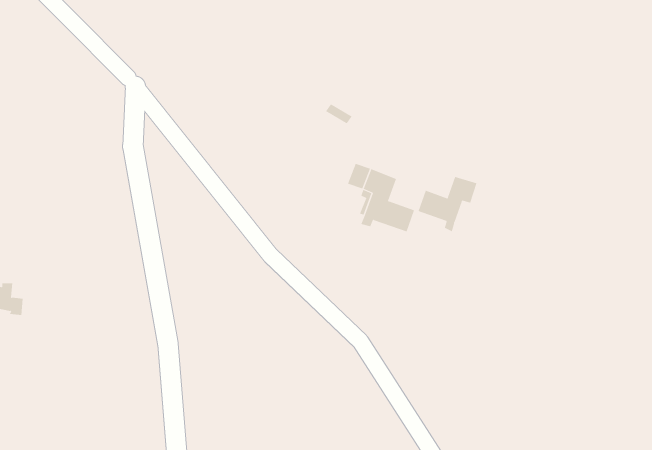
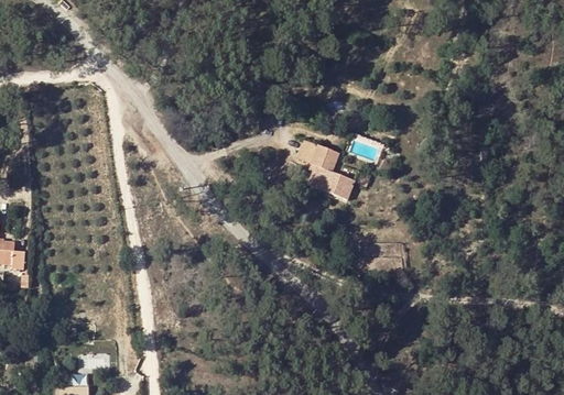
building: [418,176,477,232] -> none

